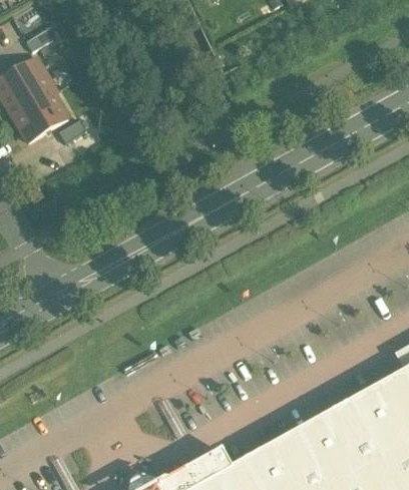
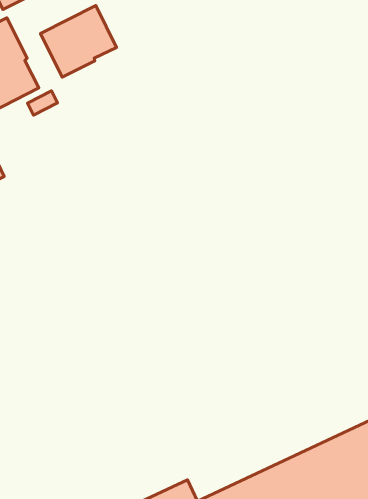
building: none -> [40,5,117,77]

